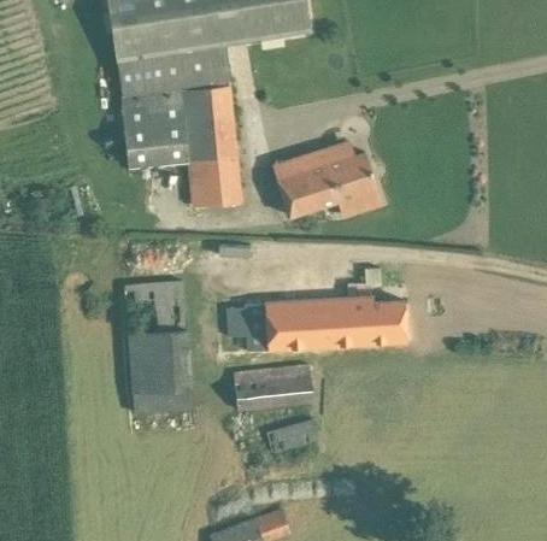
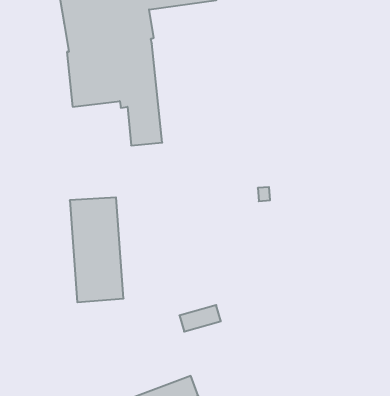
building: [272,143,382,216] -> none
building: [225,296,406,351] -> none
building: [233,365,313,410] -> none

